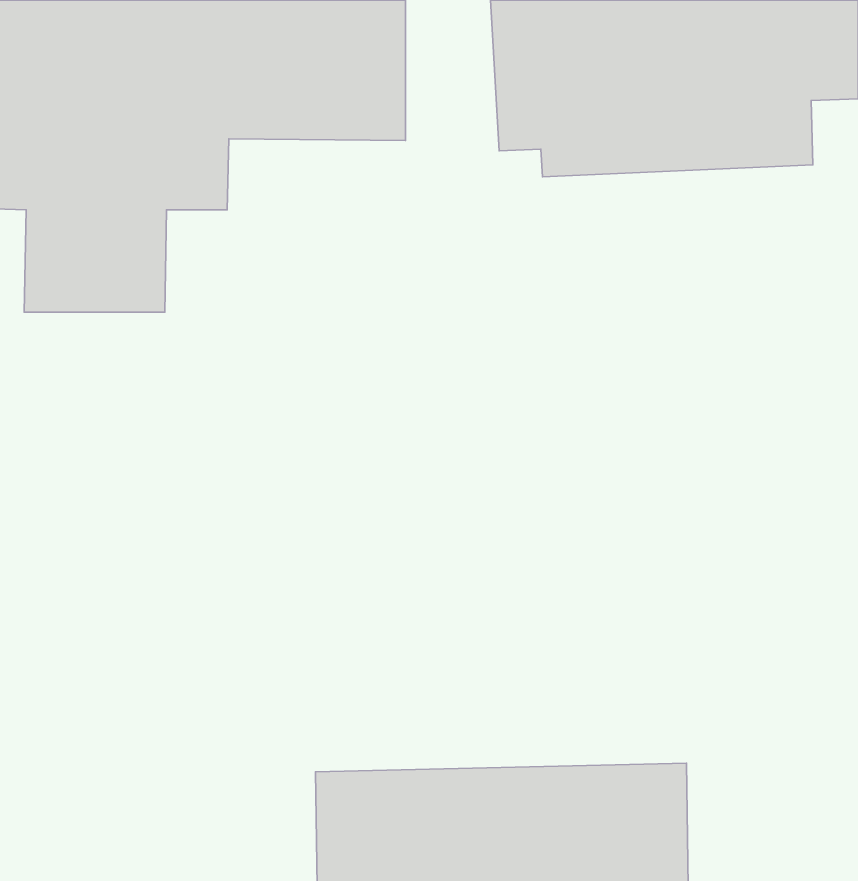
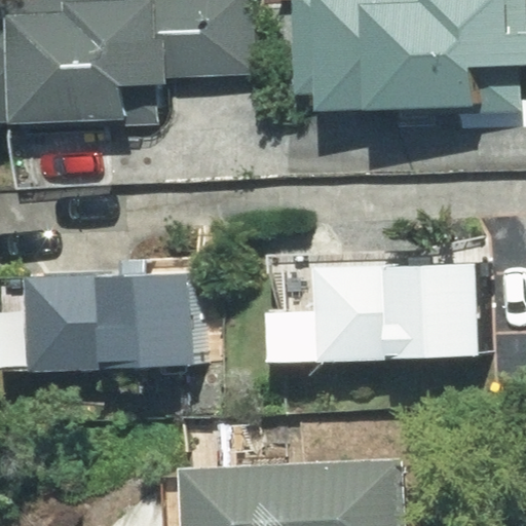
building: none -> [272,258,488,359]
building: none -> [40,267,201,372]

